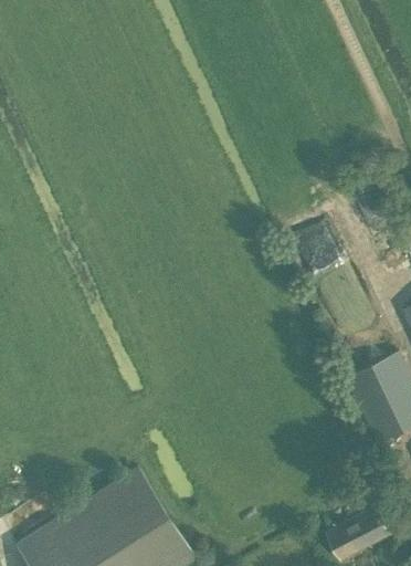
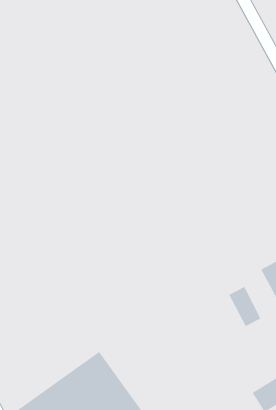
building: none -> [229,286,261,327]

